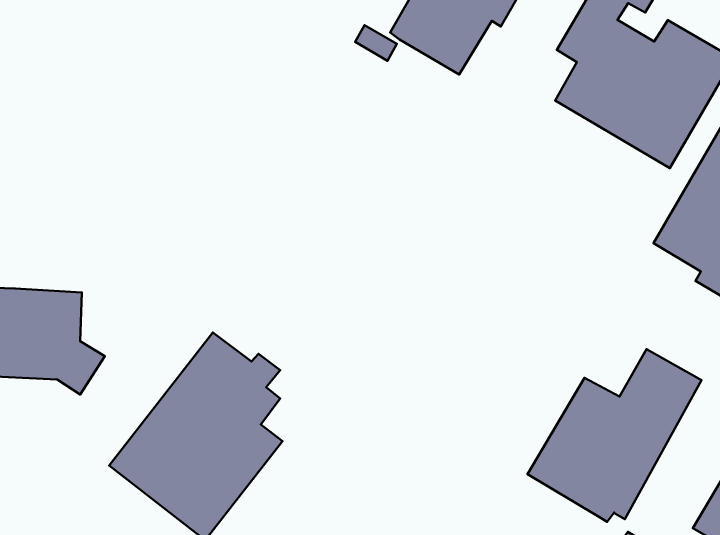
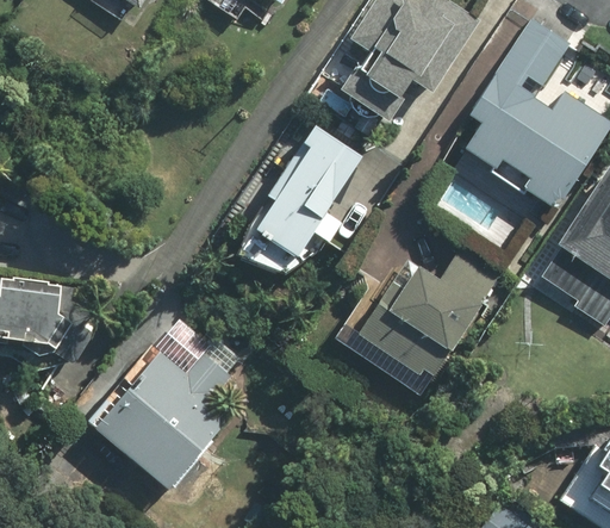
building: none -> [253,126,363,263]
building: [528,349,701,522] -> [356,241,500,378]

